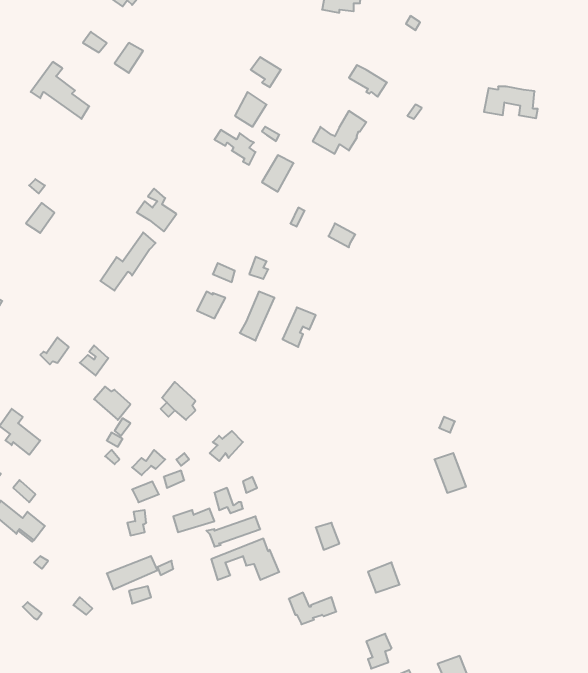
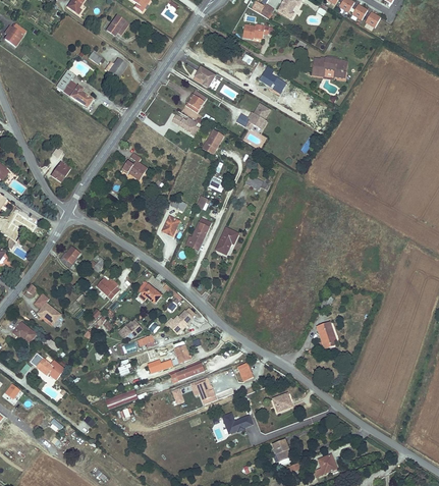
building: [484,87,538,118] -> [313,55,347,75]
building: [100,232,156,291] -> none

